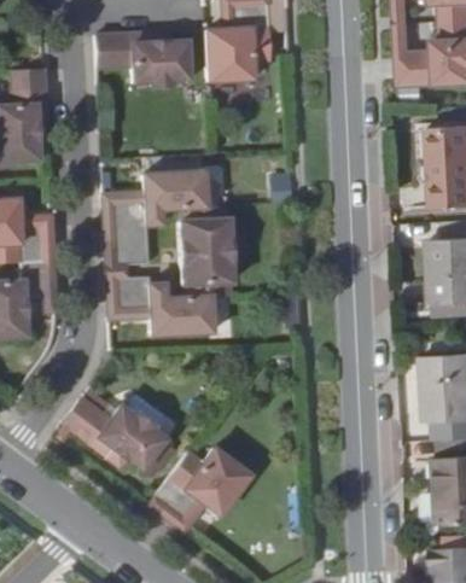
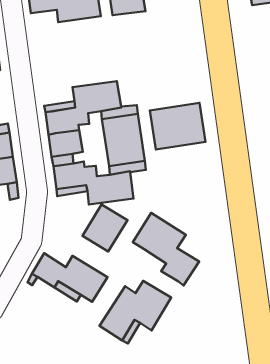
building: none -> [150,103,206,149]
building: none -> [82,205,127,252]
building: none -> [133,213,199,285]

